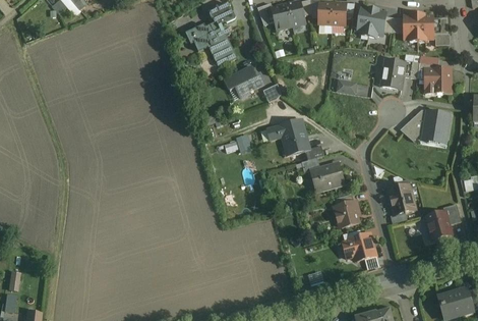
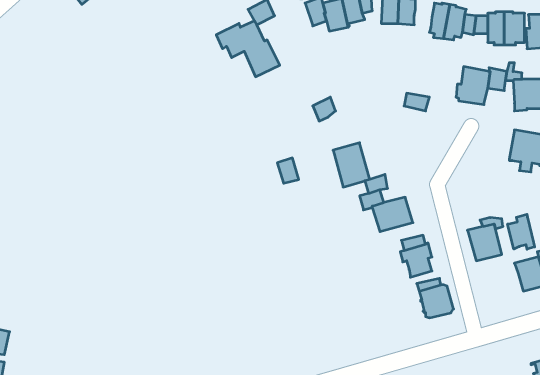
building: [225,67,264,98] -> none
building: [400,109,425,141] -> none
building: none -> [508,214,535,249]

